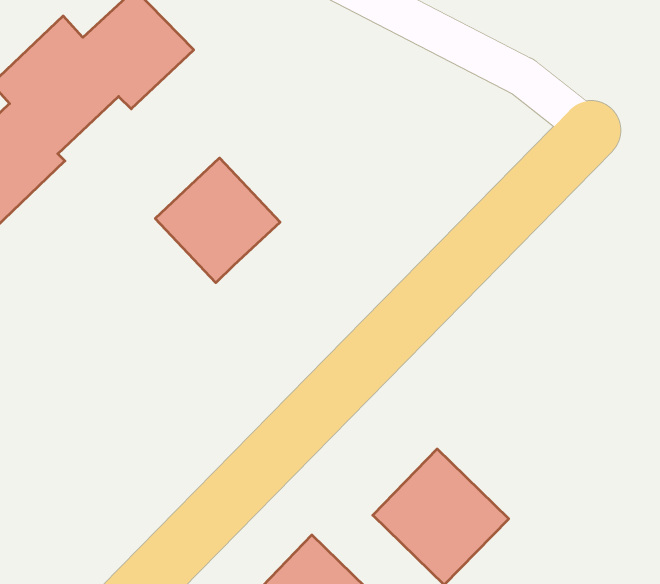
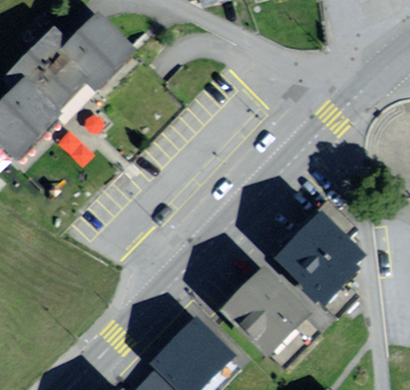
building: [155,158,280,283] -> none
building: none -> [277,208,361,305]

